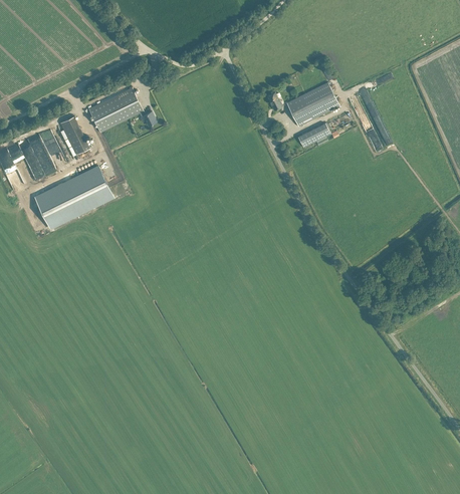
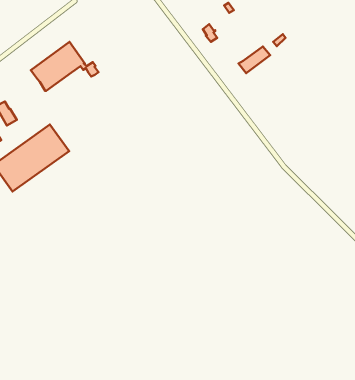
building: [285,81,338,126] -> none
building: [59,115,88,154] -> none

